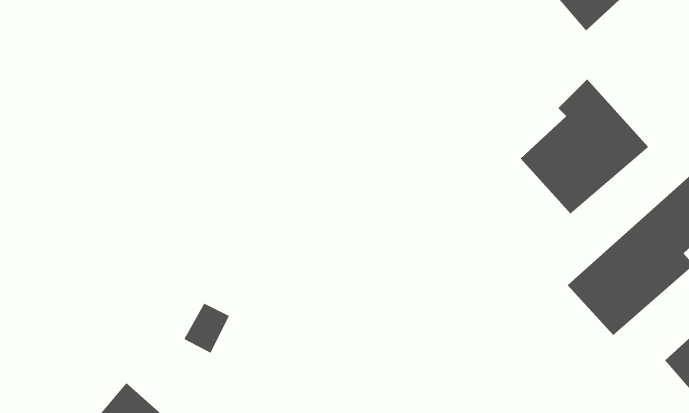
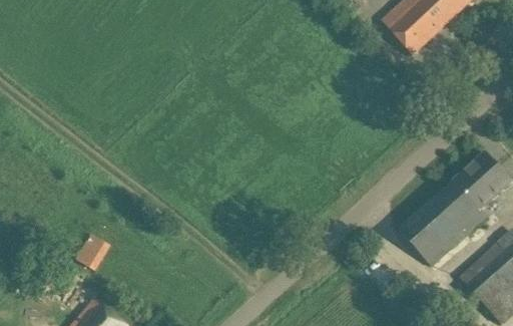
building: [520,78,649,215] -> none
building: [183,303,230,354] -> [77,233,109,268]

